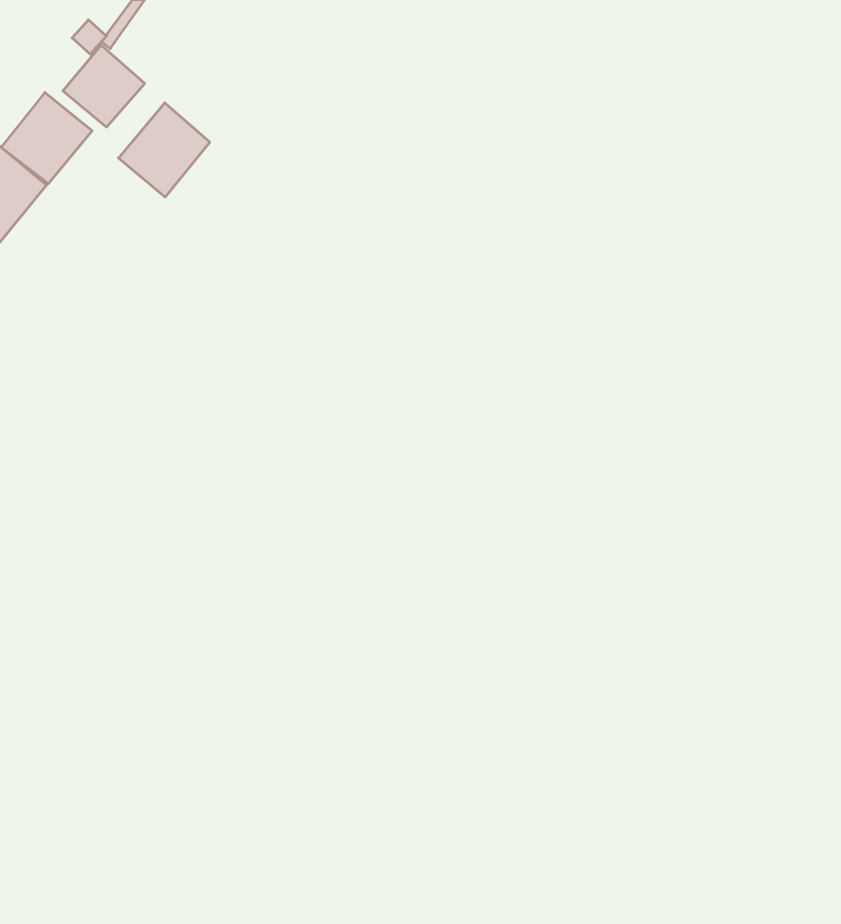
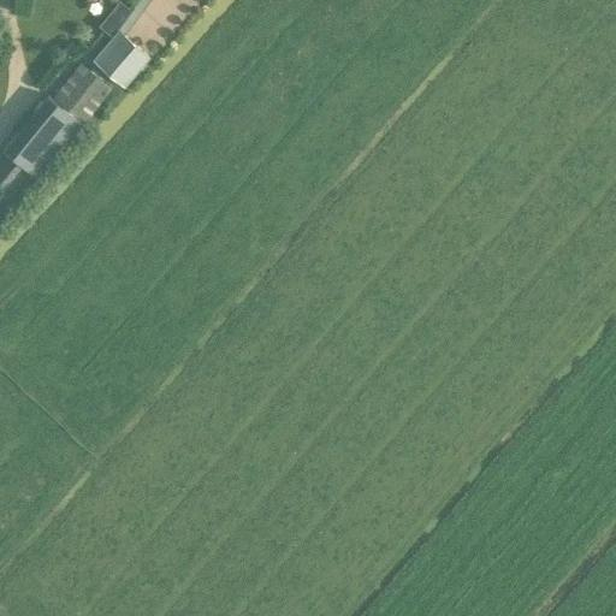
building: [118,103,210,197] -> none

